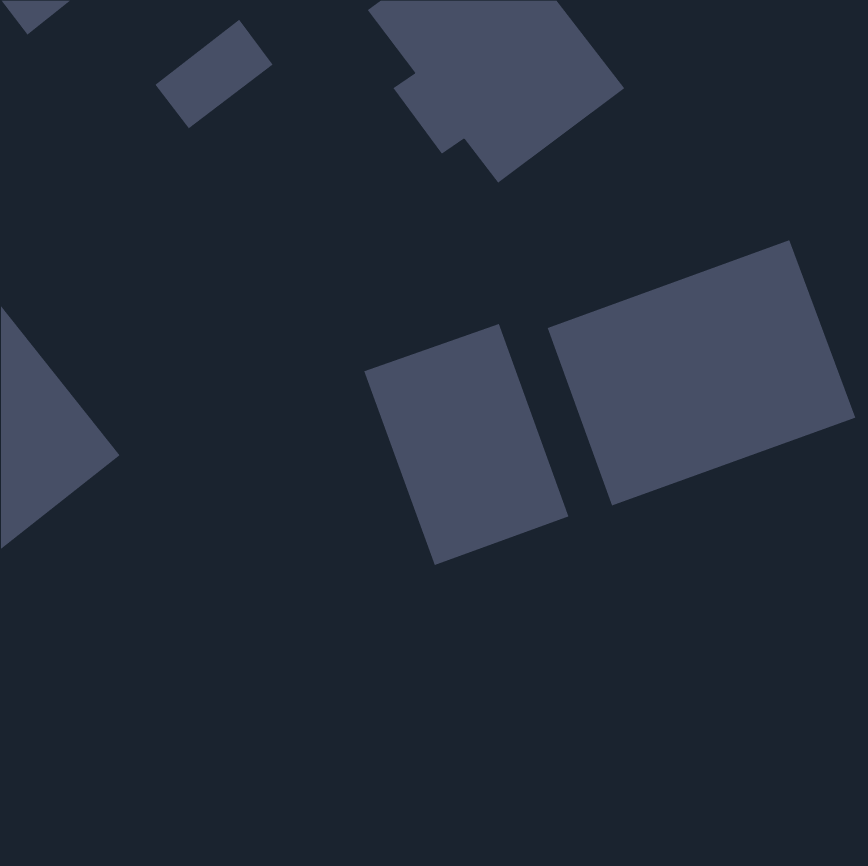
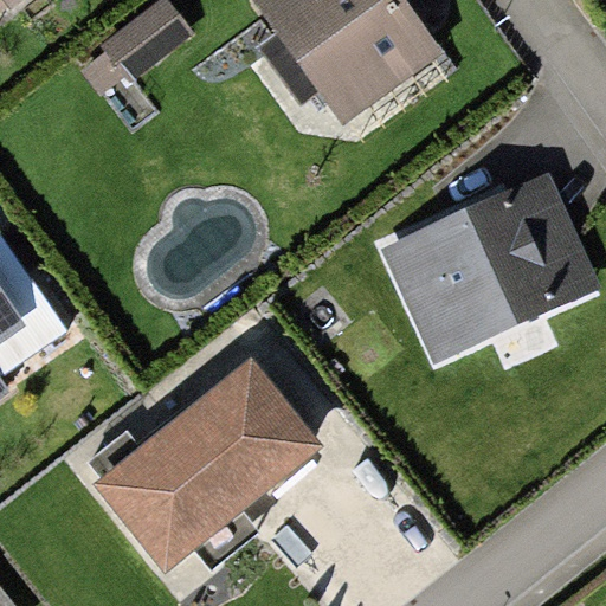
building: [364,323,569,566] -> none
building: none -> [85,350,315,572]

